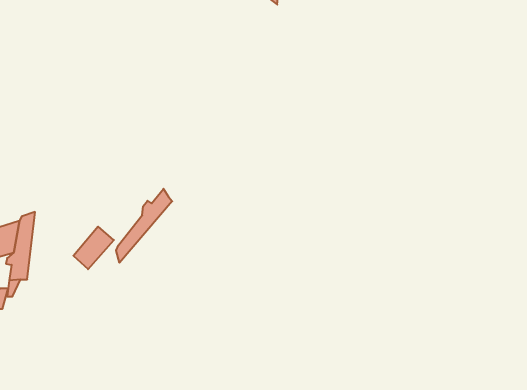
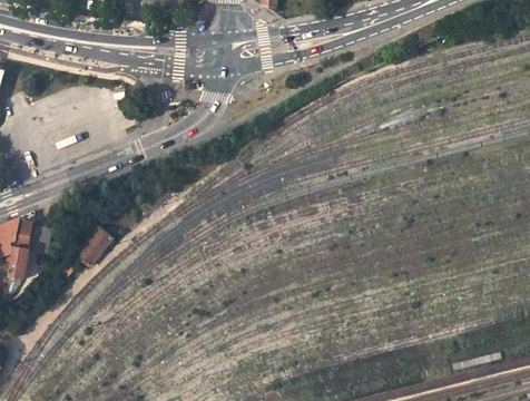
building: [116,189,172,263] -> none

